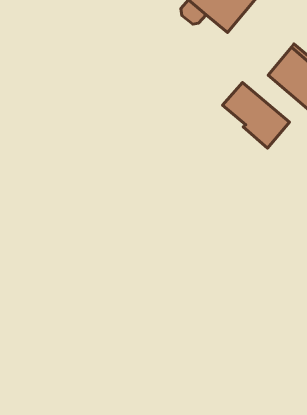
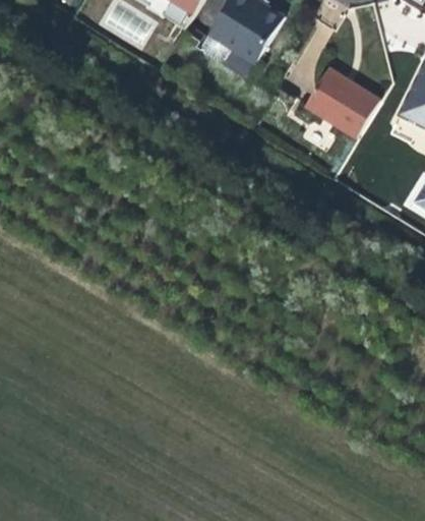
building: [223,83,289,148] -> none

